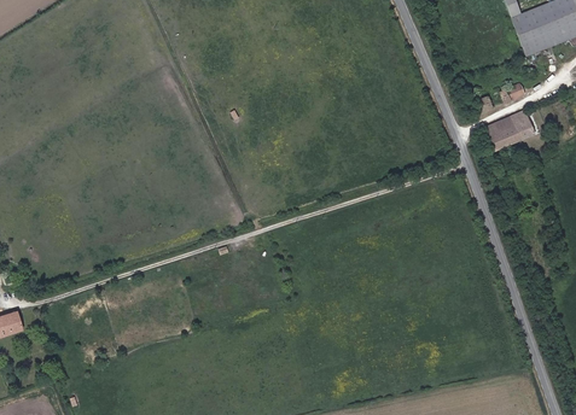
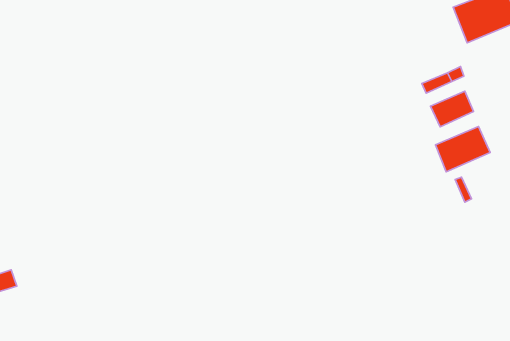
building: none -> [435,127,490,172]

